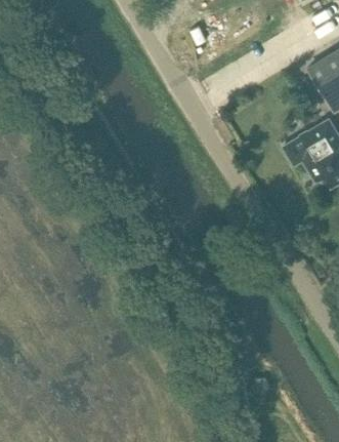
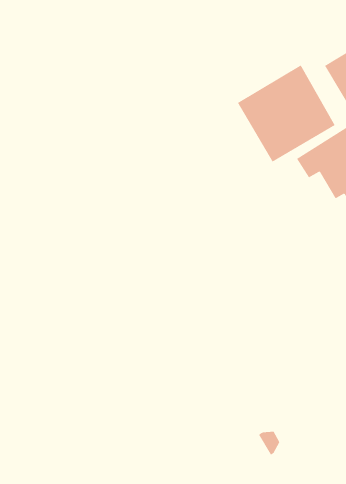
building: none -> [237,64,335,162]

